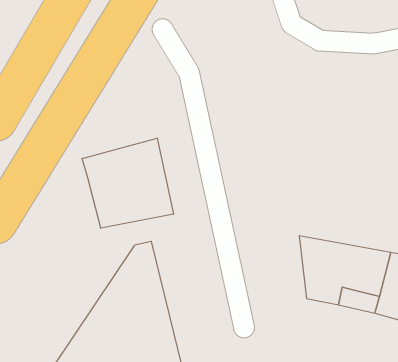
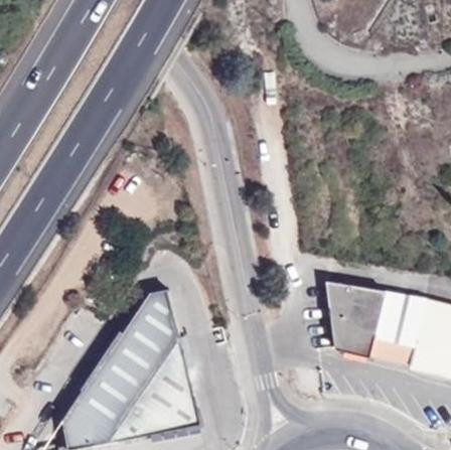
building: [82,138,173,228] -> none

